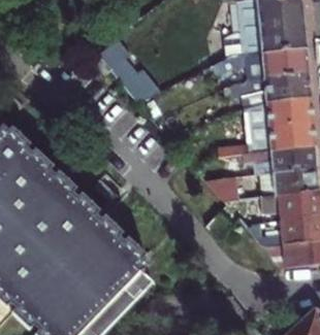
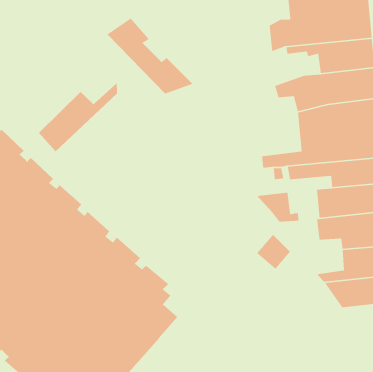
building: none -> [38,82,118,152]

